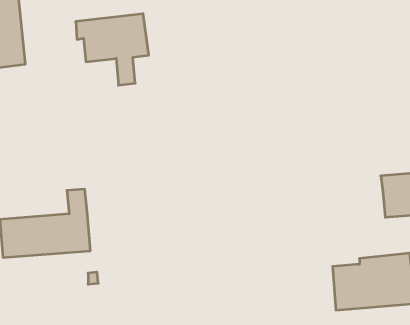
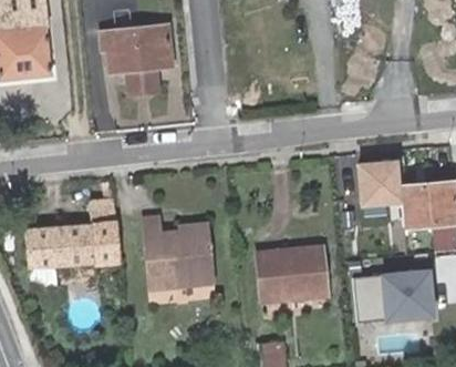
building: none -> [361,162,404,206]
building: none -> [142,216,214,284]
building: none -> [258,243,327,296]

